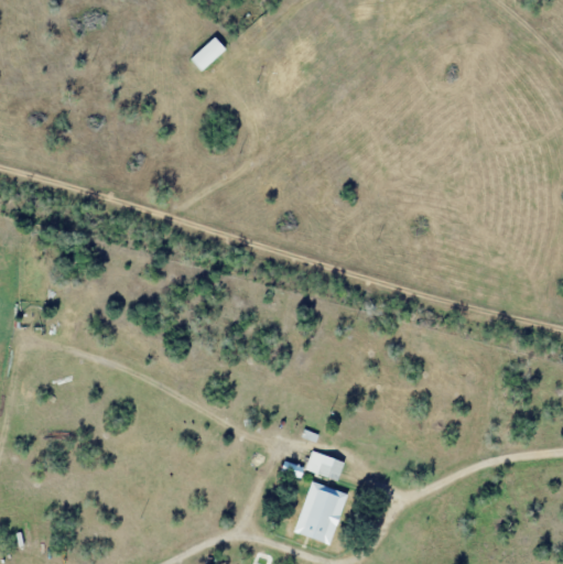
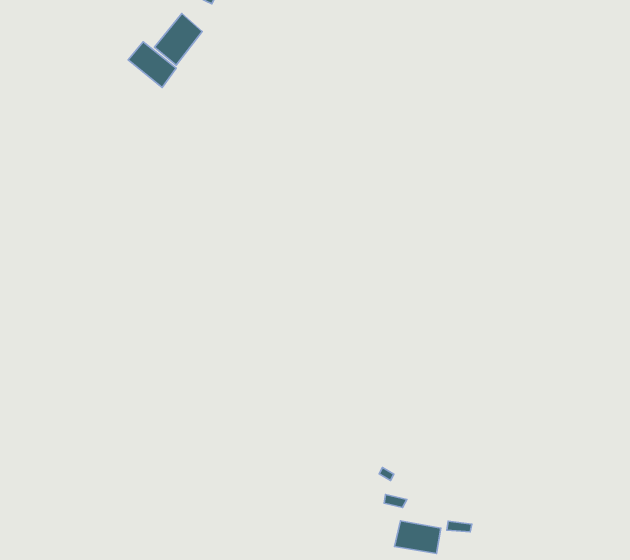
building: none -> [128,42,176,88]

